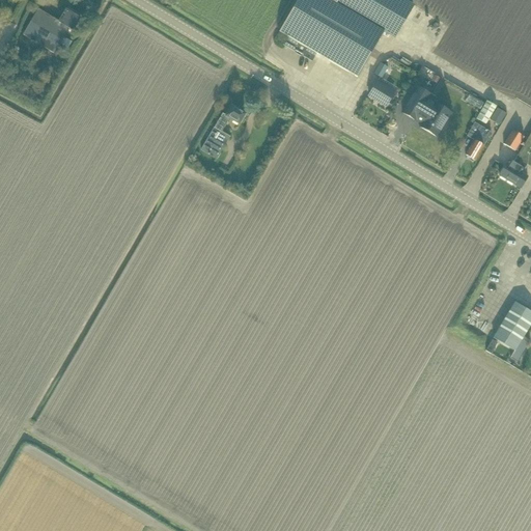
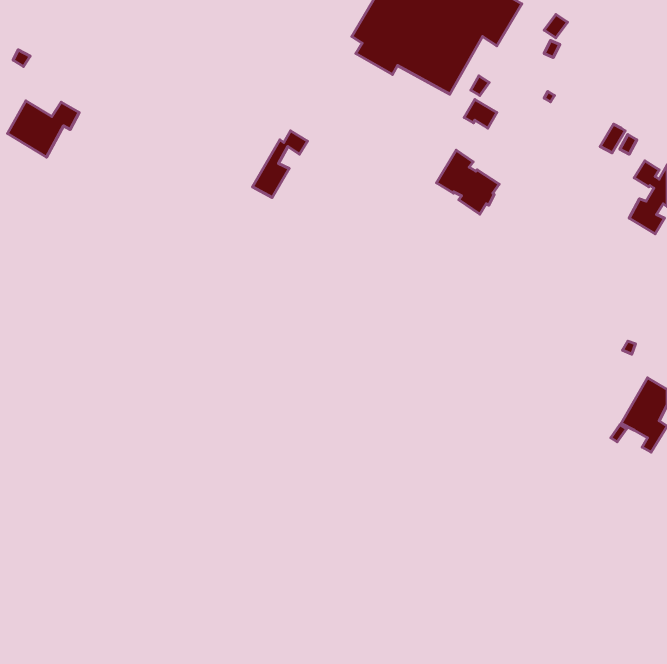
building: [23,6,80,51] -> [7,101,79,157]
building: [401,84,451,135] -> [437,150,499,214]
building: [465,120,491,159] -> none

